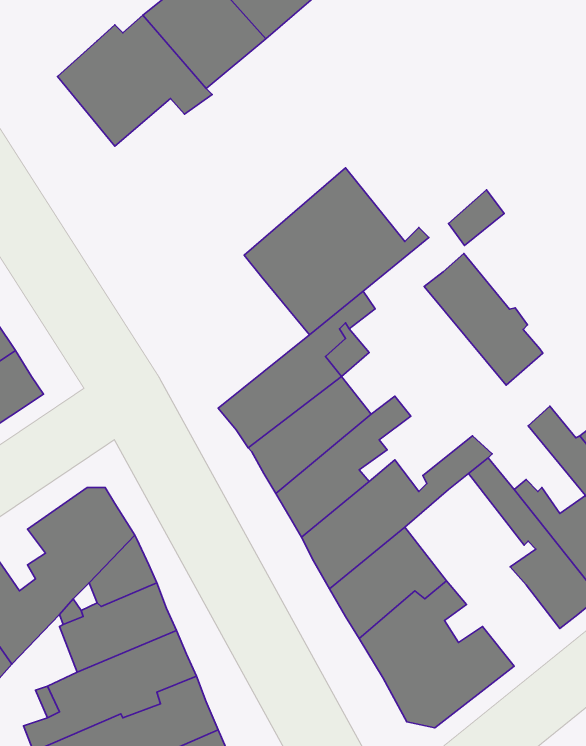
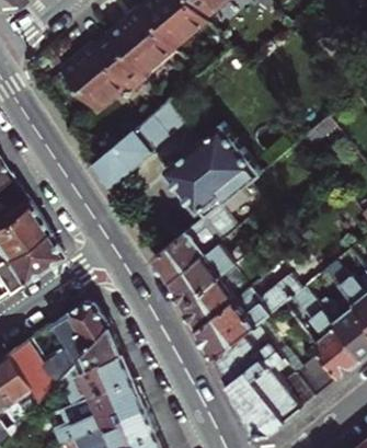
building: none -> [91,104,185,194]
building: [424,253,543,385] -> none
building: none -> [296,357,340,402]

